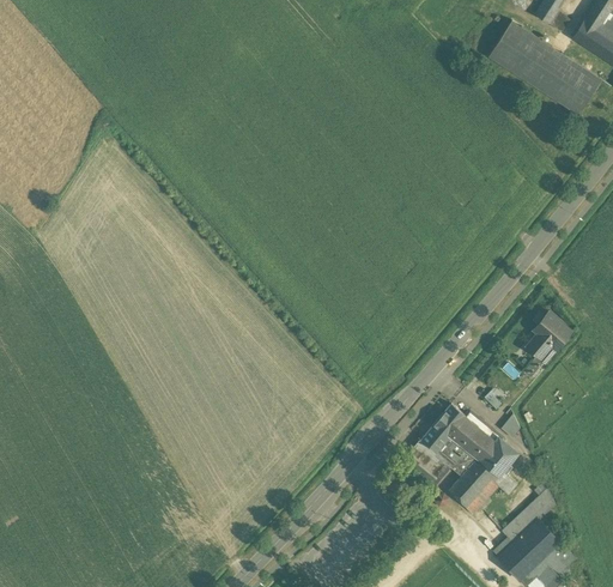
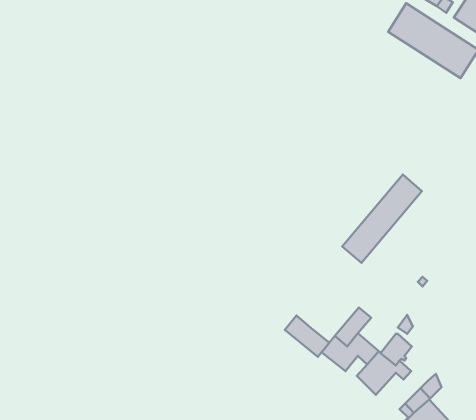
building: none -> [342,175,422,263]
building: [530,314,570,363] -> none
building: [450,411,502,461] -> none
building: none -> [285,315,329,357]

